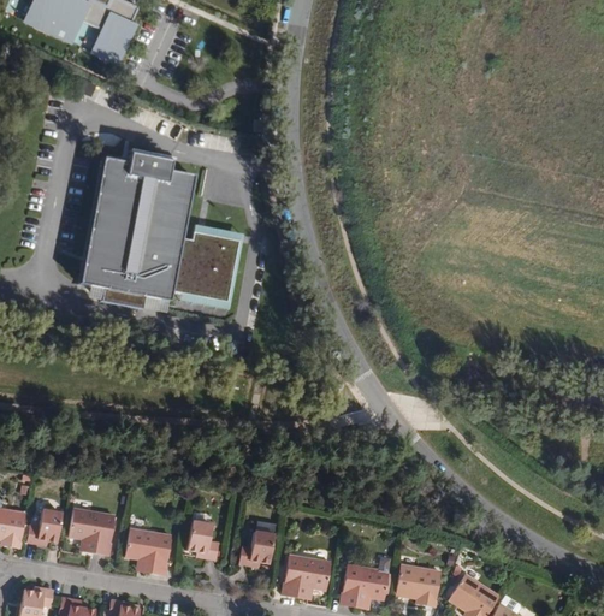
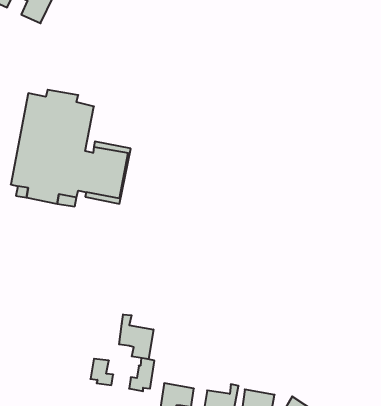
building: none -> [119,314,153,359]
building: [70,510,114,556] -> none
building: [126,529,172,574] -> none

